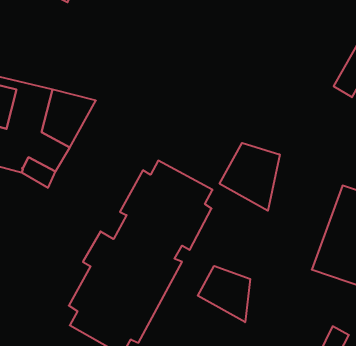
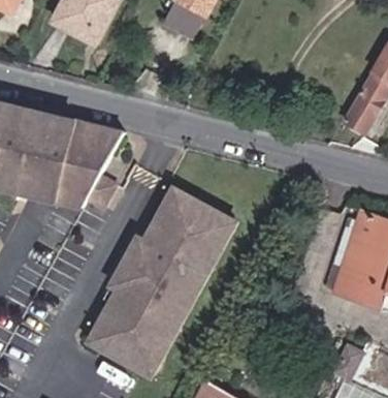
building: [220,143,280,211] -> none
building: [198,266,250,322] -> none

